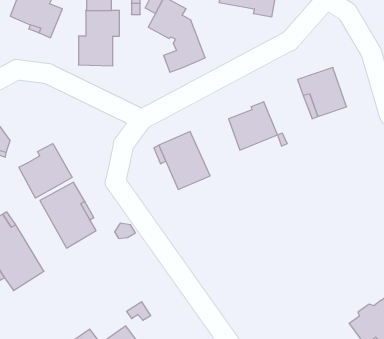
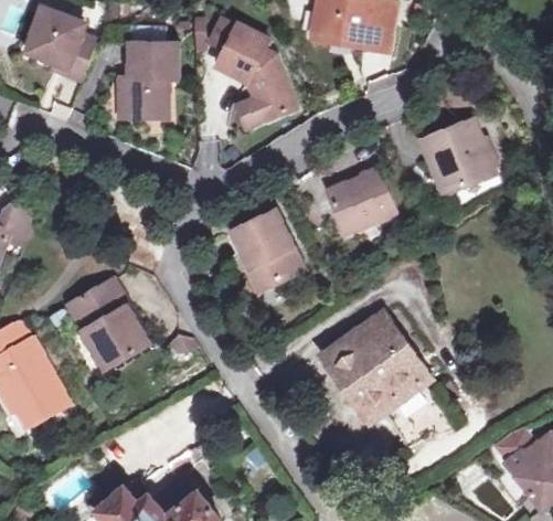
building: [19,144,72,198] -> none
building: none -> [322,320,422,421]

